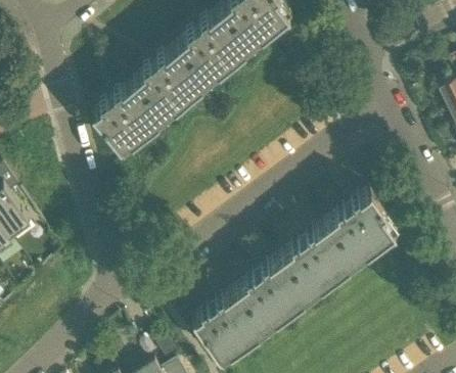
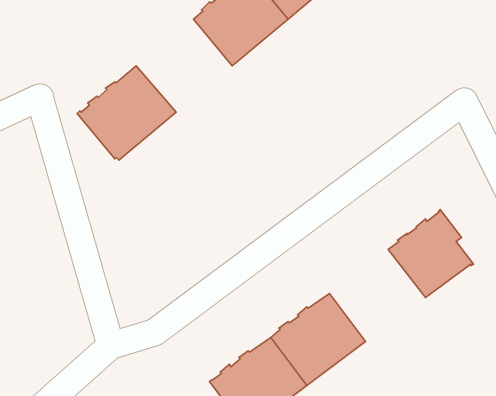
building: [137,47,211,119] -> none
building: [285,224,359,294] -> none

